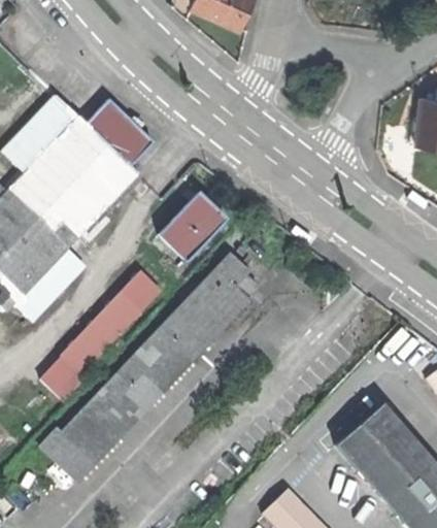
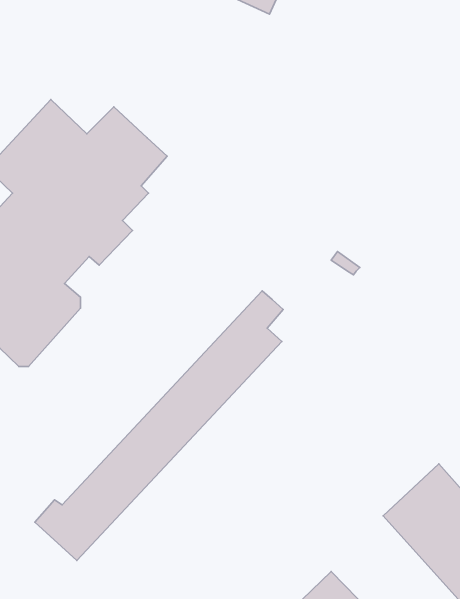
building: [159,193,226,262] -> none
building: [40,271,159,401] -> none

